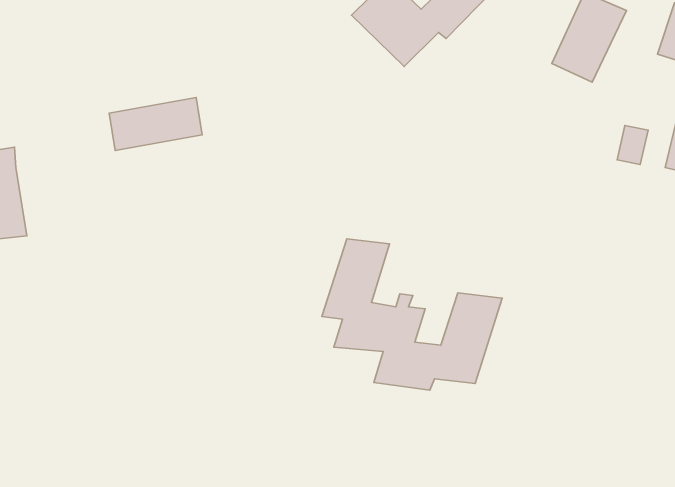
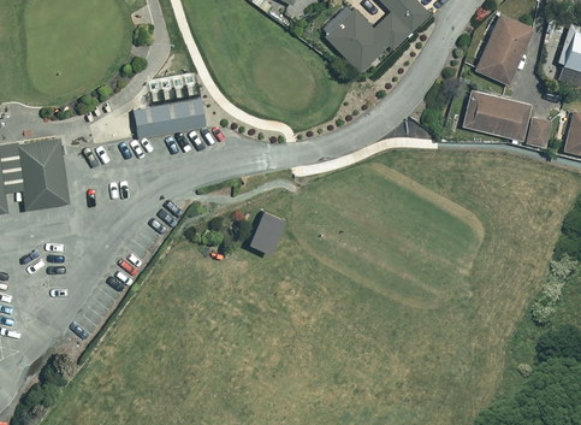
building: none -> [463,92,530,141]
building: [322,239,502,390] -> none
building: none -> [248,209,285,253]

